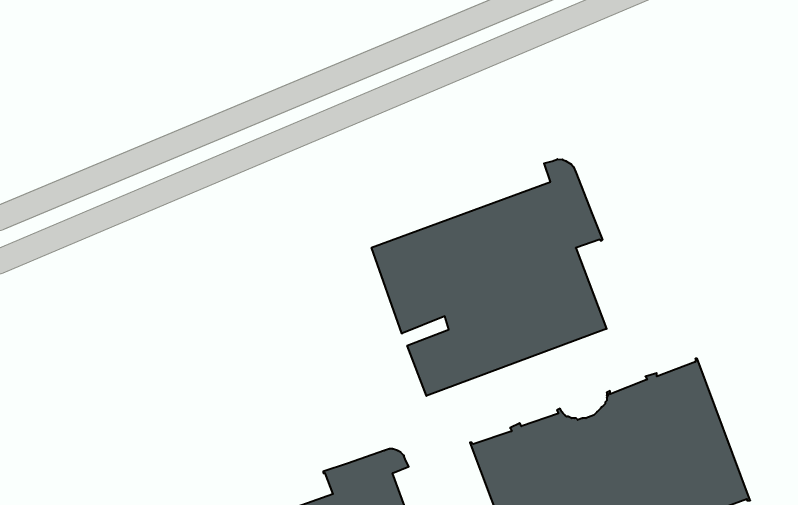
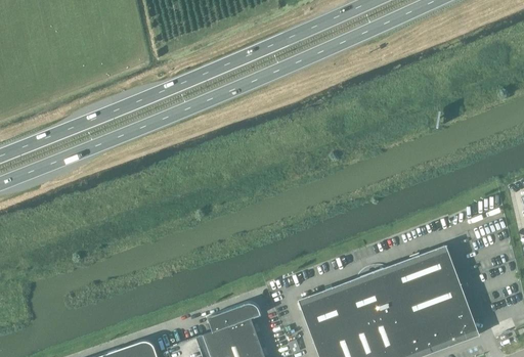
building: [372,159,607,396] -> none

